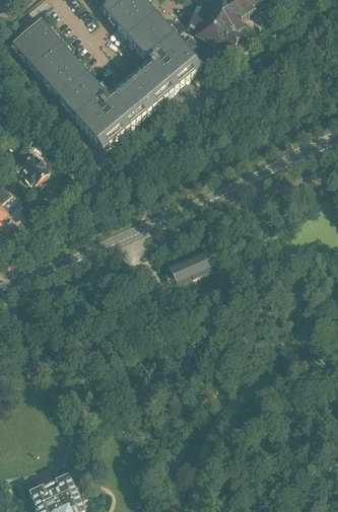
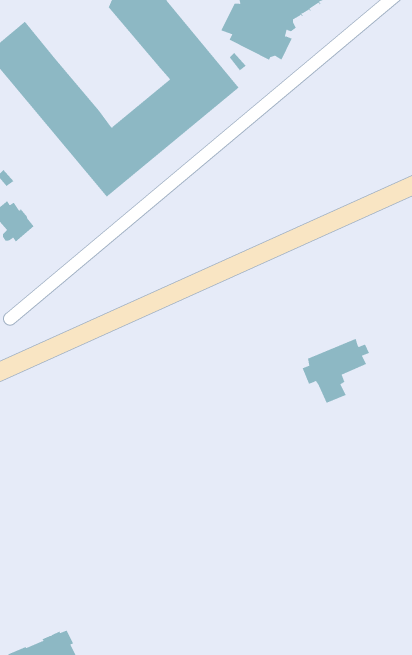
building: [164,248,215,297] -> [302,338,370,403]

